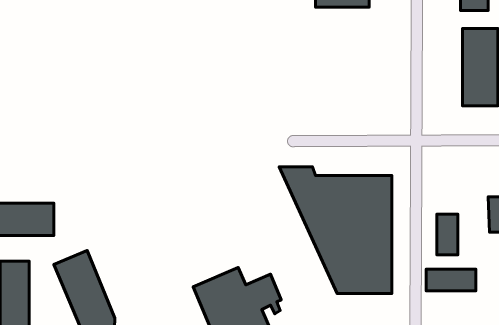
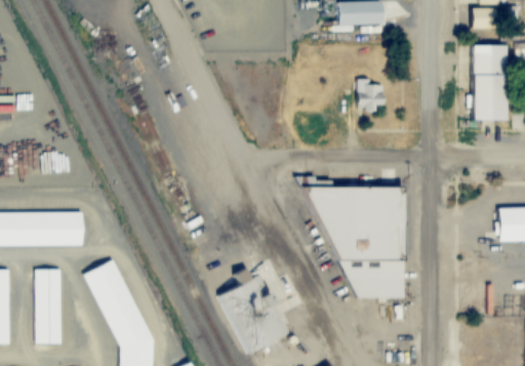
building: none -> [356,79,385,111]
building: [437,214,458,255] -> none
building: [426,269,476,291] -> none

